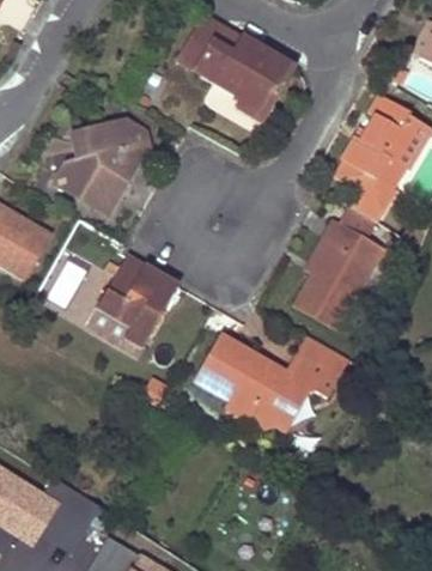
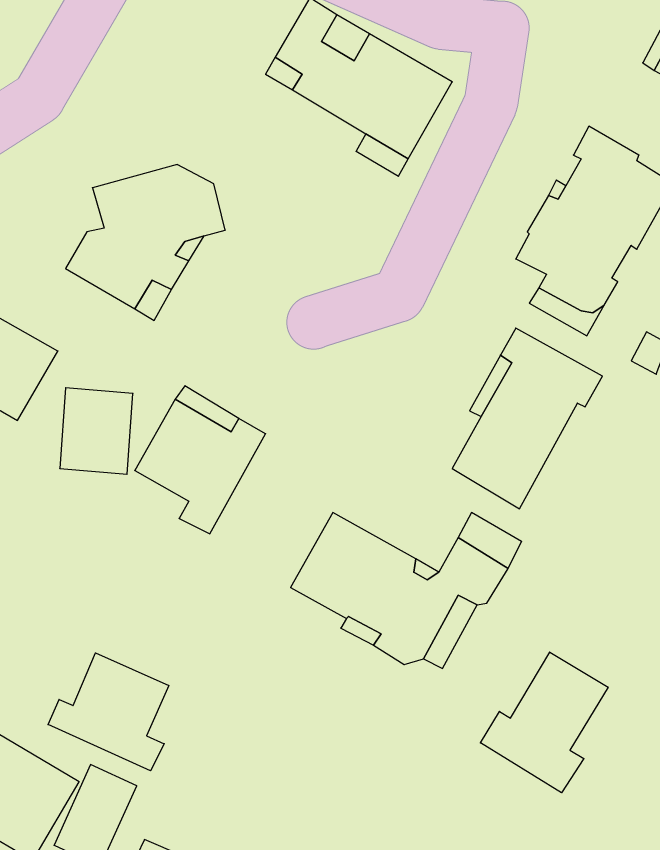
building: none -> [480,652,608,793]
building: none -> [48,653,169,771]

